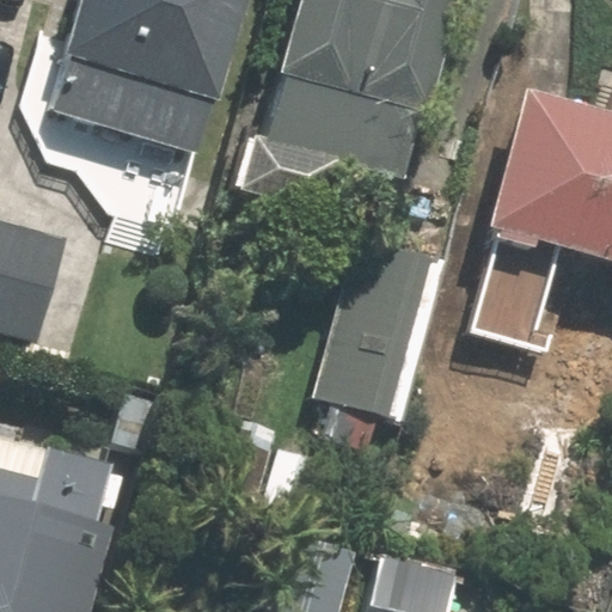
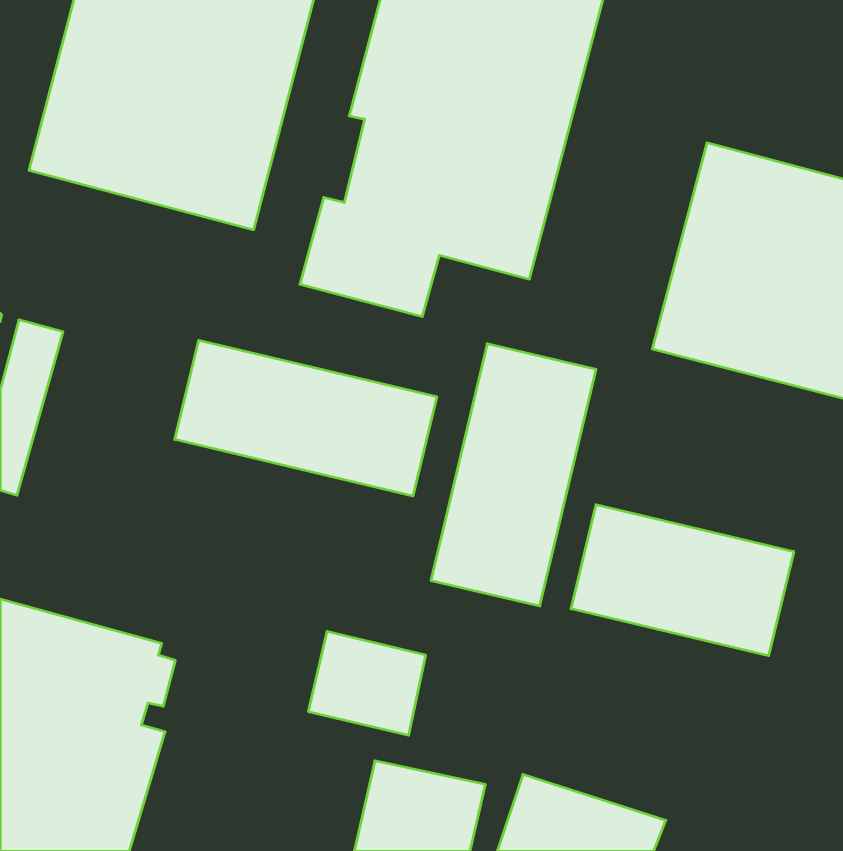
building: none -> [175,340,437,496]
building: none -> [571,505,794,656]

